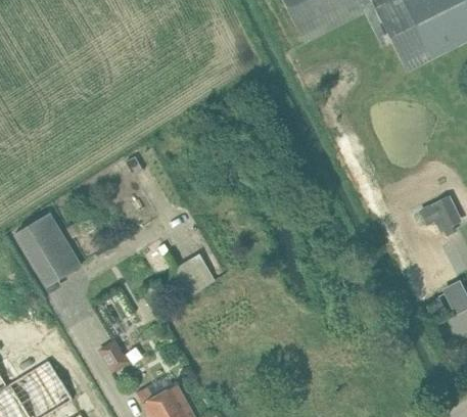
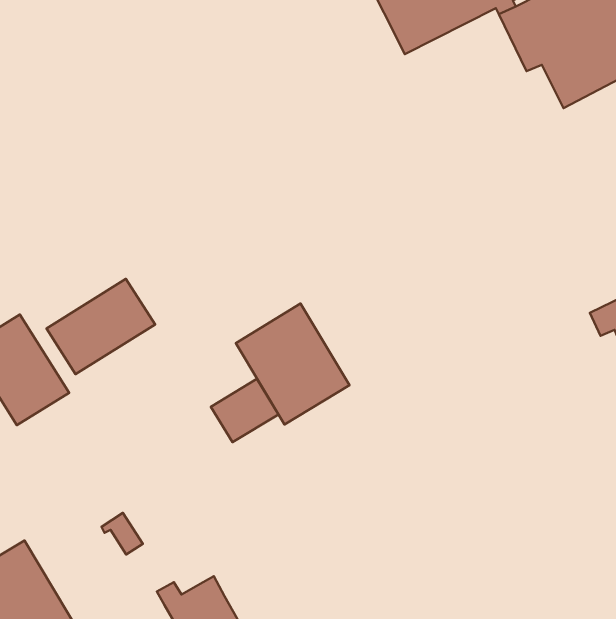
building: none -> [46,279,155,374]
building: none -> [236,304,350,425]

